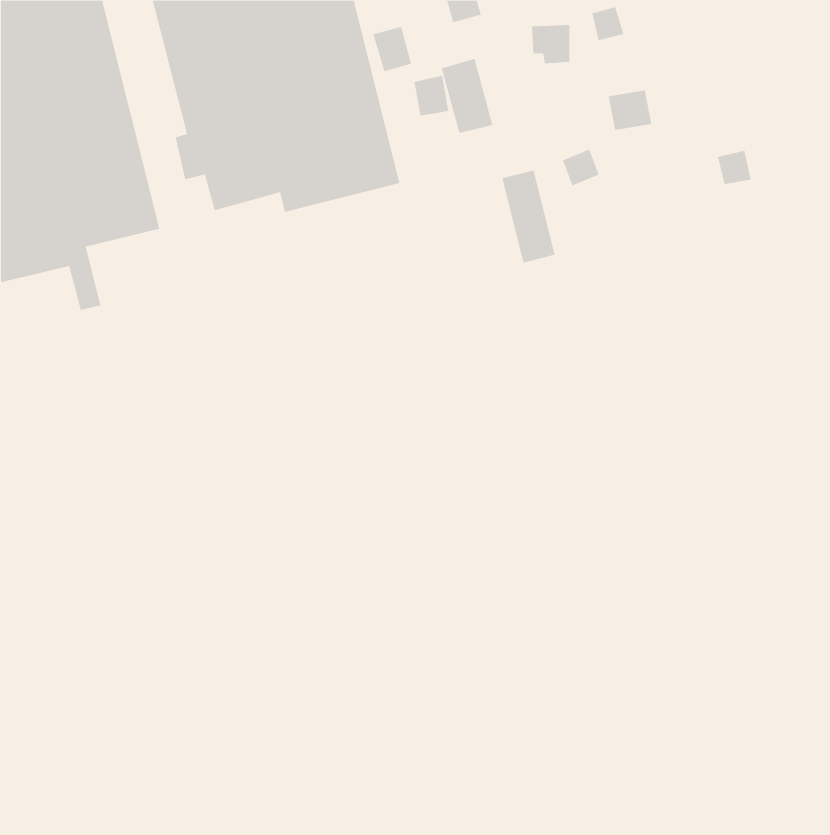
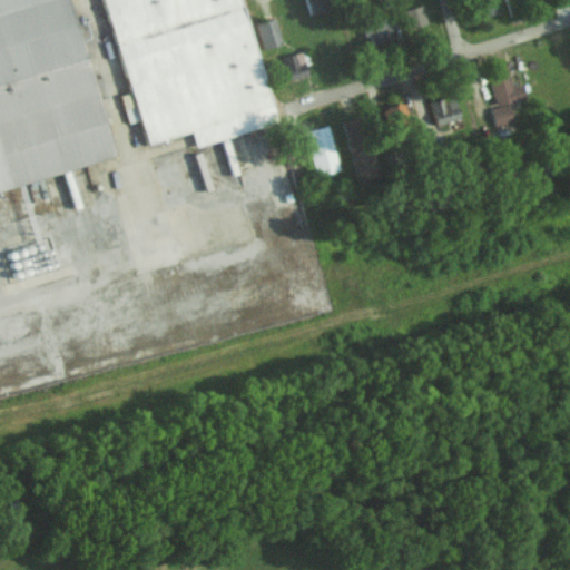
building: [441,58,493,133] -> [306,125,342,176]
building: [608,90,652,131] -> [432,96,462,124]
building: none -> [491,65,527,105]

